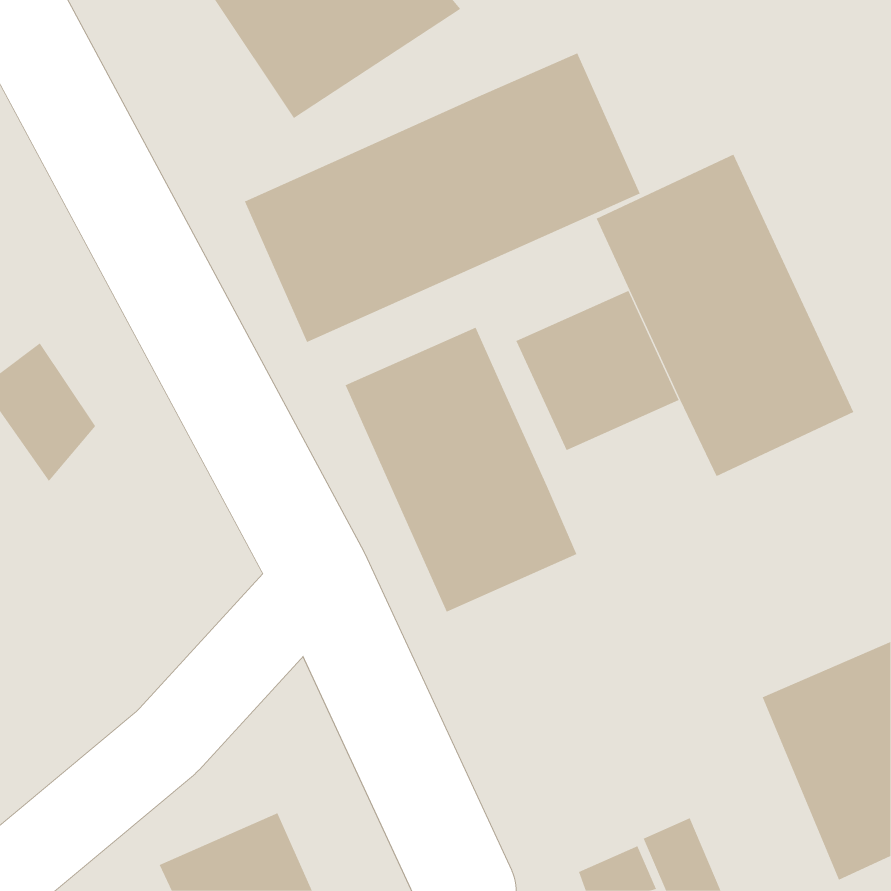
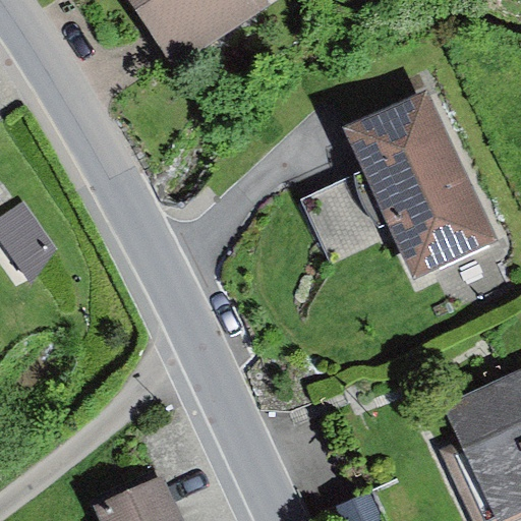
building: [244,53,640,343] -> none
building: [345,327,577,612] -> none

